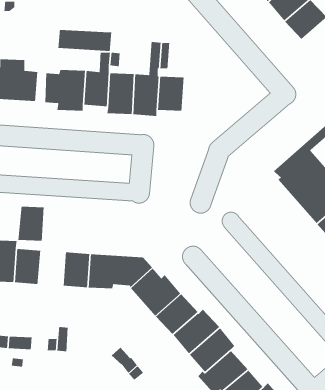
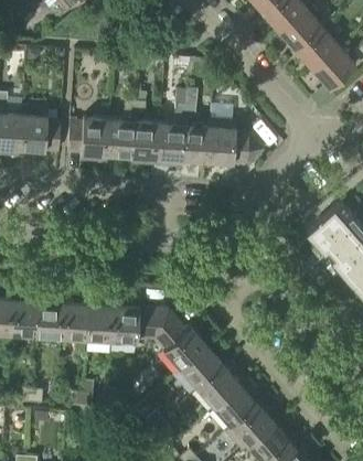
building: [58,29,112,52] -> none
building: none -> [209,119,264,163]
building: [17,206,45,242] -> [62,302,89,339]

